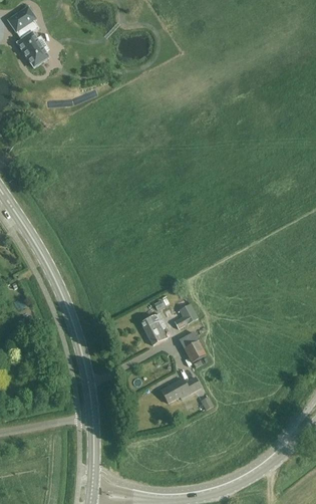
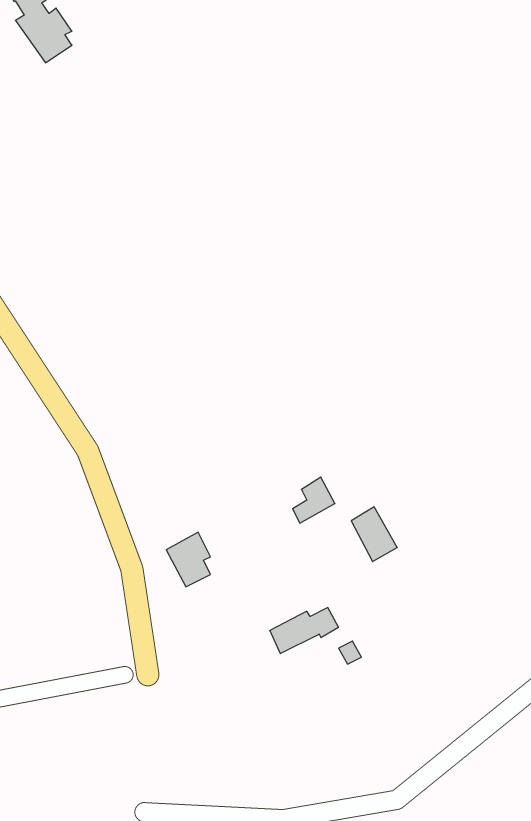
building: [139,312,165,343] -> [166,532,210,587]
building: [178,330,204,361] -> [351,507,397,562]

